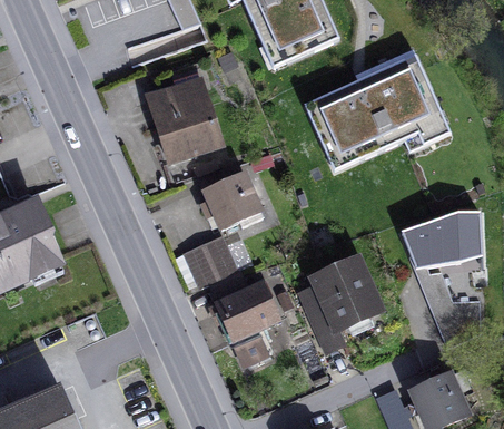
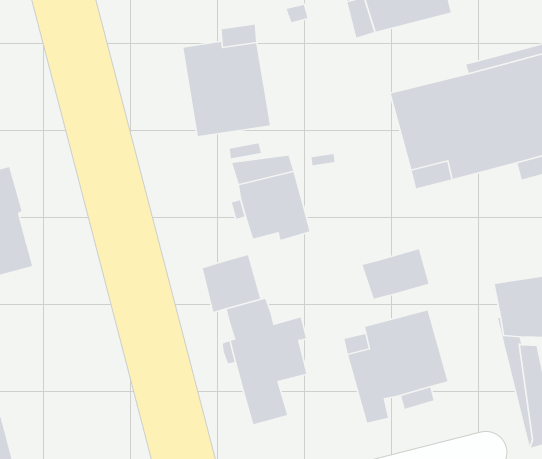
building: none -> [361,248,430,300]

